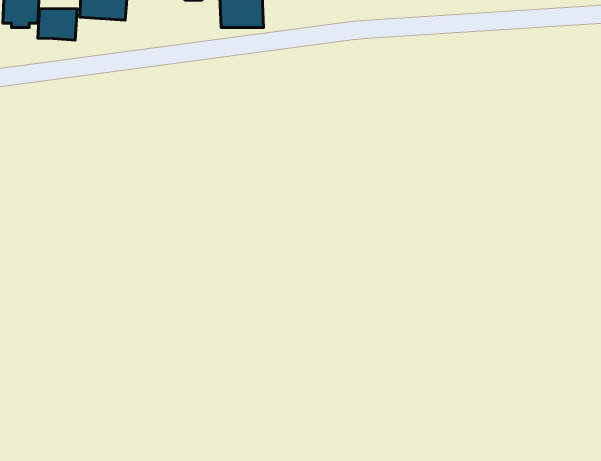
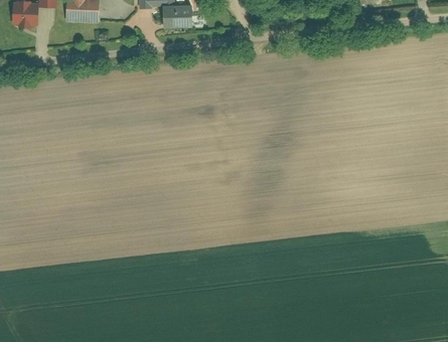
building: [38,9,77,40] -> none

